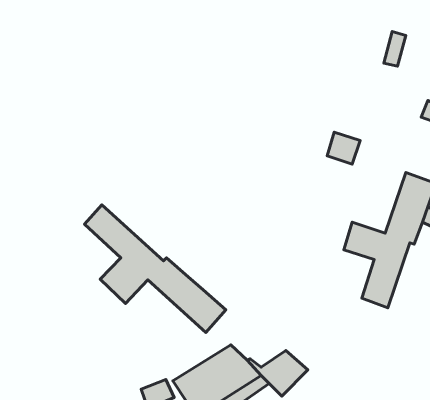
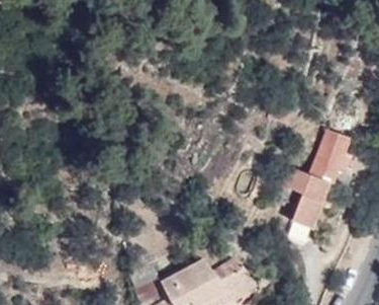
building: [85,205,226,332] -> none

